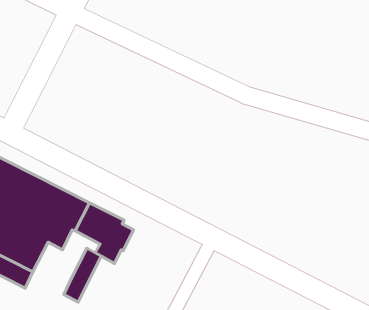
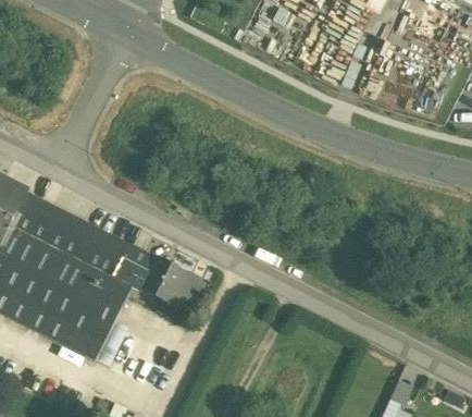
building: [64,248,101,302] -> [77,299,120,360]

